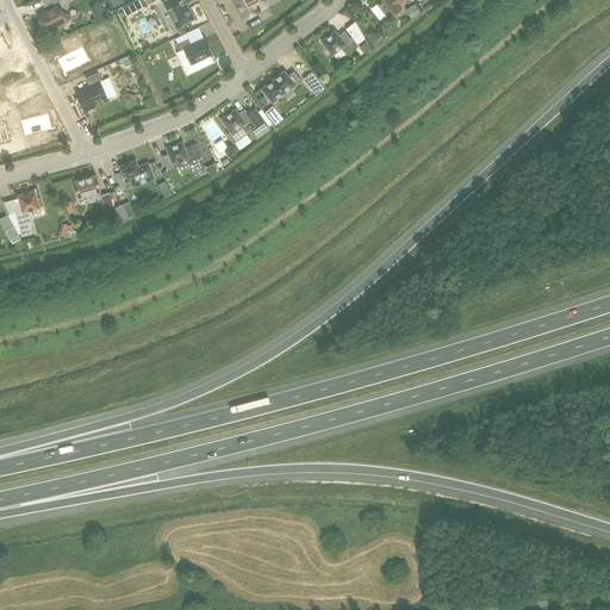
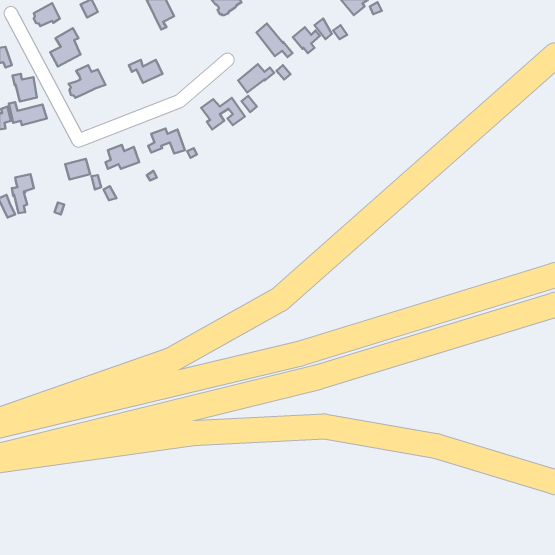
building: none -> [256,23,293,57]
building: [174,37,211,62] -> [129,60,162,83]
building: none -> [13,74,37,102]

